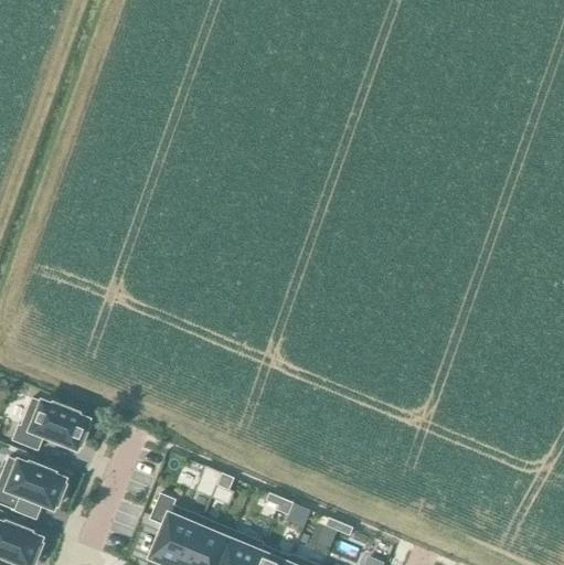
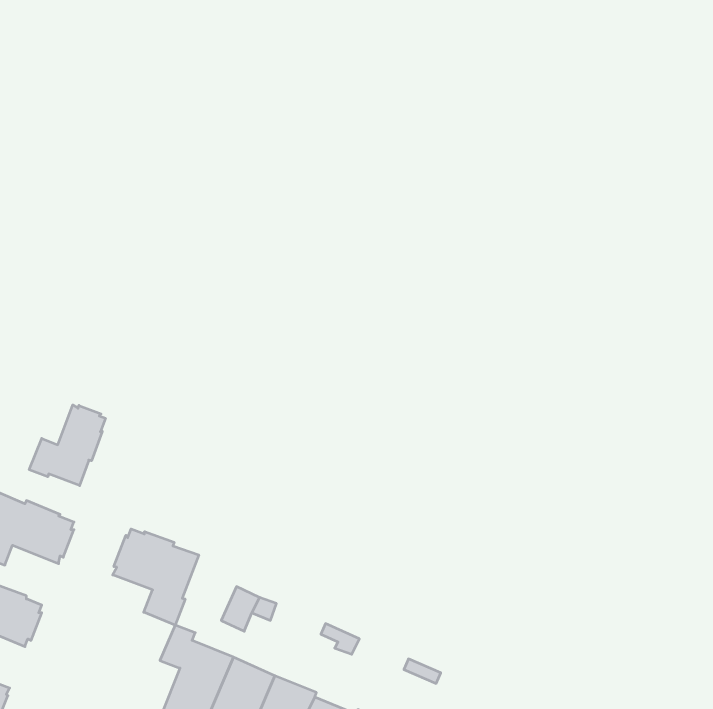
building: none -> [29,405,105,486]
building: none -> [113,529,199,625]

